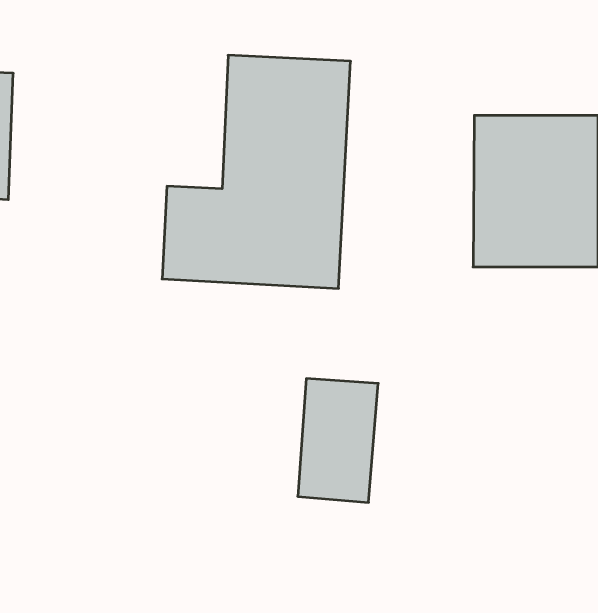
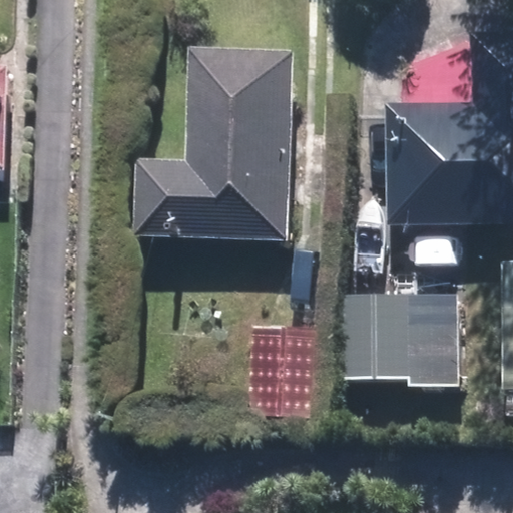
building: none -> [335,287,456,387]

